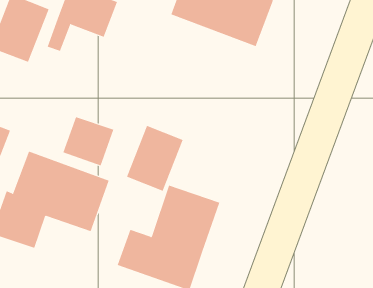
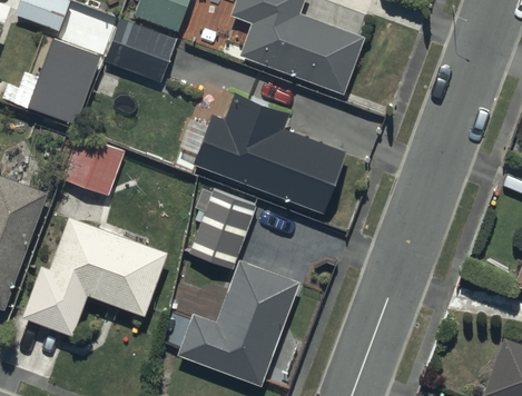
building: none -> [180,79,349,215]
building: [63,117,114,166] -> [61,136,124,196]

